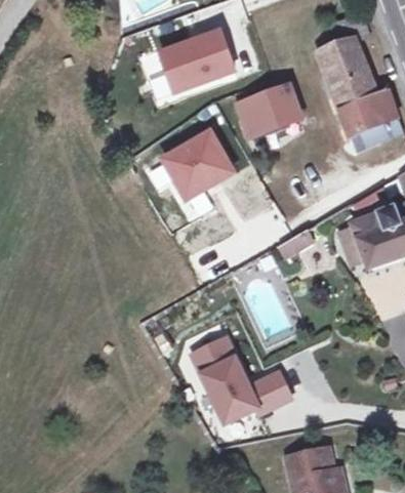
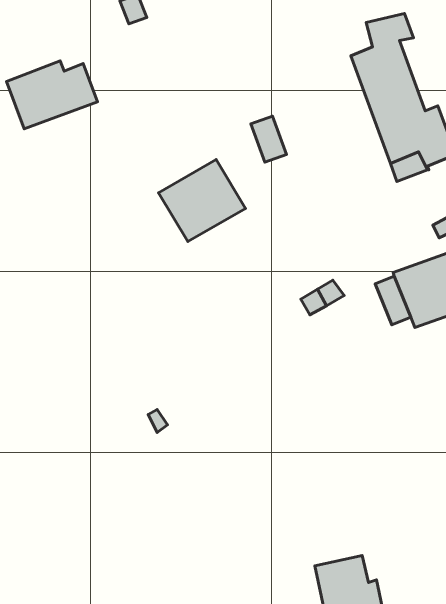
building: [161,38,234,92] -> [6,61,97,129]
building: [255,84,300,128] -> none
building: [191,337,288,420] -> none

